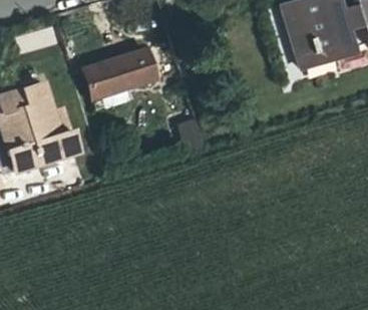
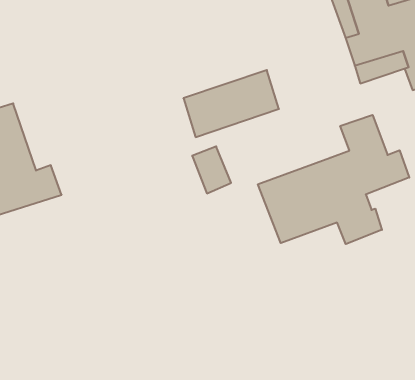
building: [90,47,161,97] -> [183,70,279,137]
building: none -> [258,115,409,244]

